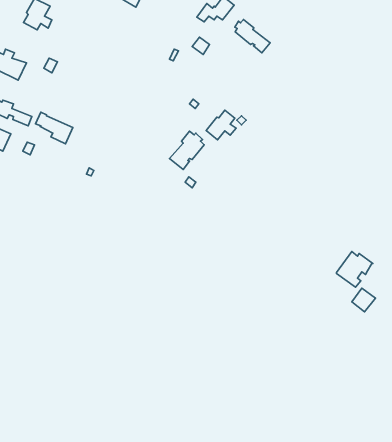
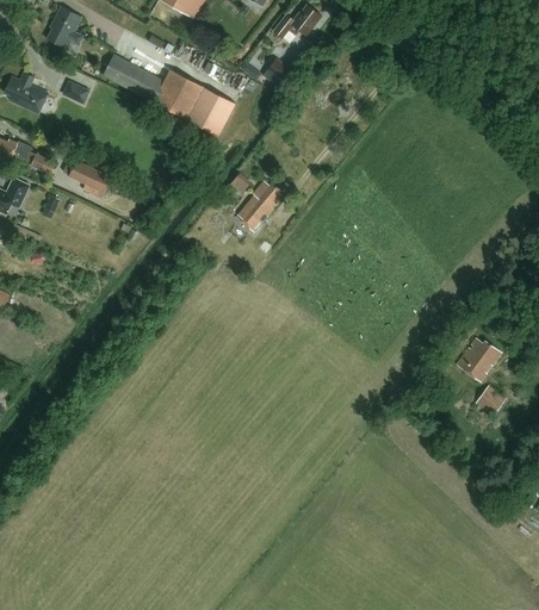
building: [235,19,270,53] -> none
building: none -> [101,52,235,136]
building: [206,110,236,140] -> none

